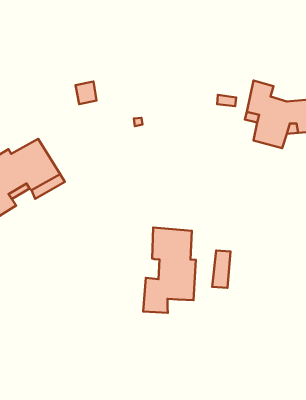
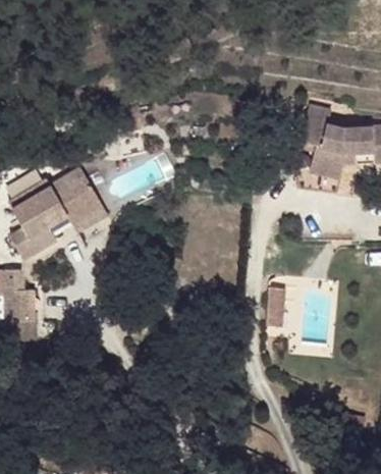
building: [143,228,196,313] -> none

